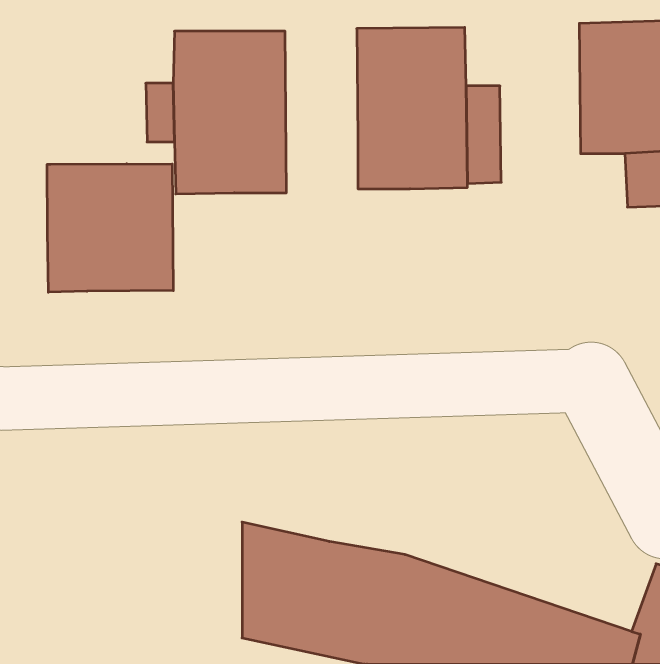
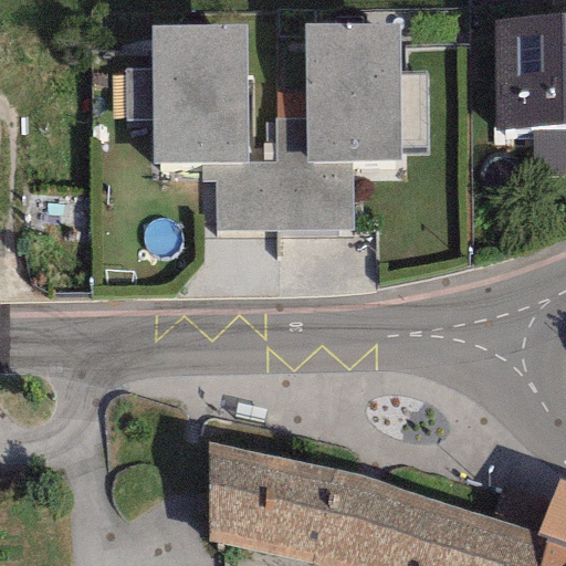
building: none -> [202,118,355,230]
building: [47,164,173,292] -> none

